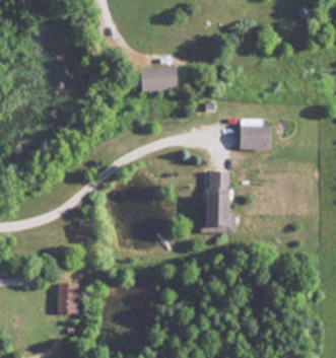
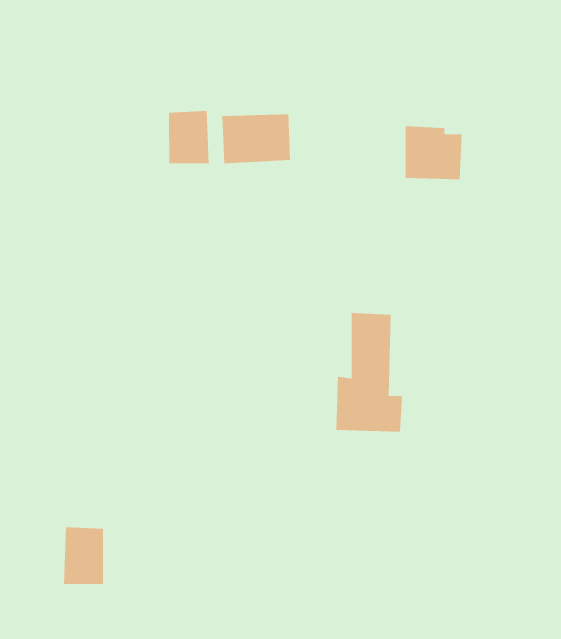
building: none -> [168,110,209,164]
building: [240,122,270,150] -> [405,126,463,180]

